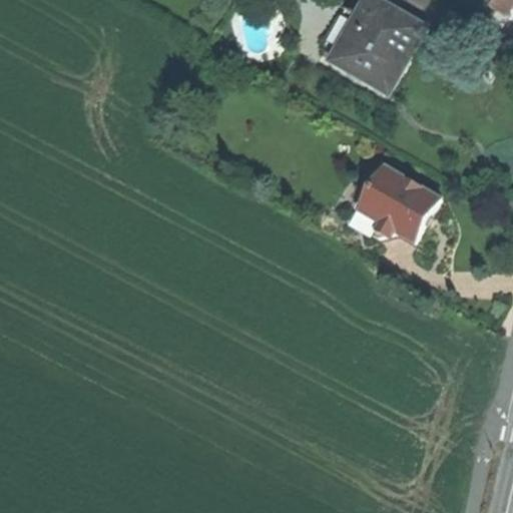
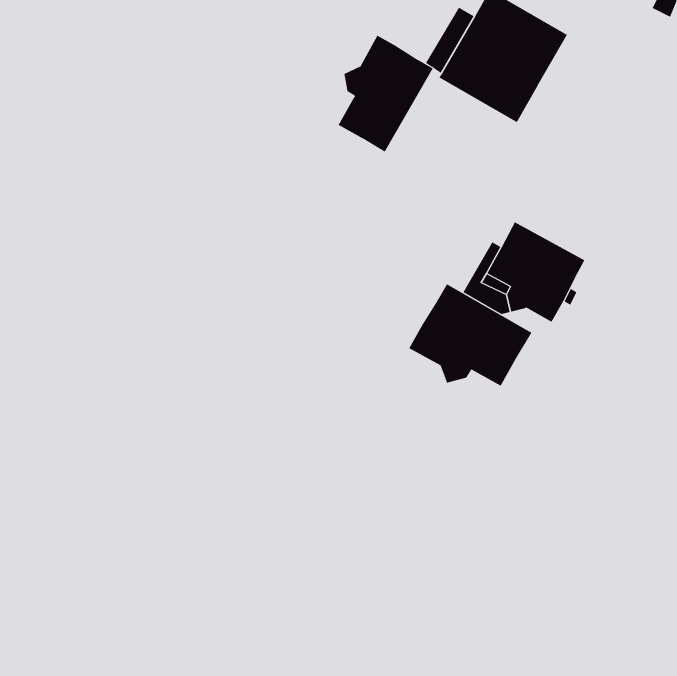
building: none -> [338,35,434,153]
building: none -> [409,284,532,387]

